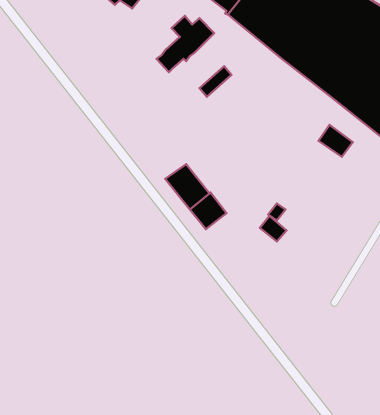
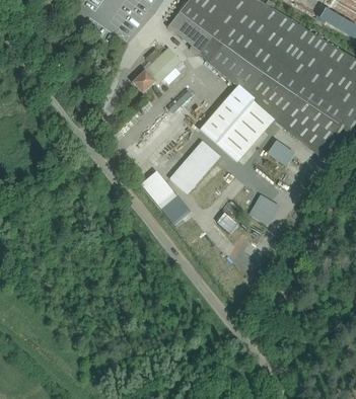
building: none -> [199,82,277,160]
building: none -> [169,138,220,191]
building: none -> [247,192,280,224]

